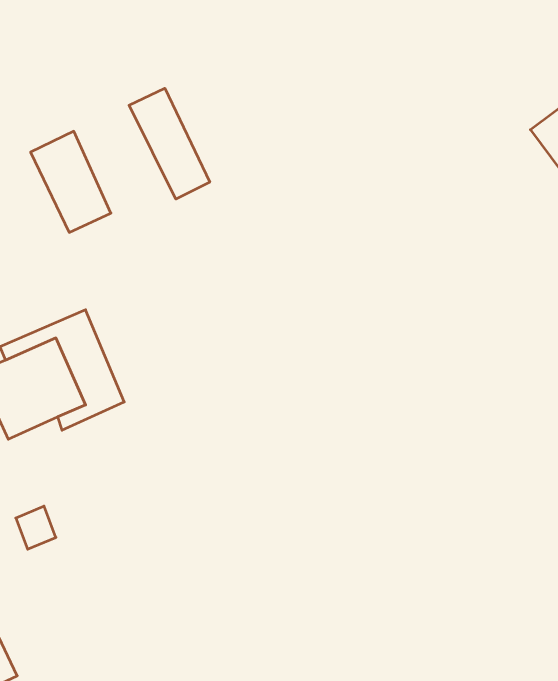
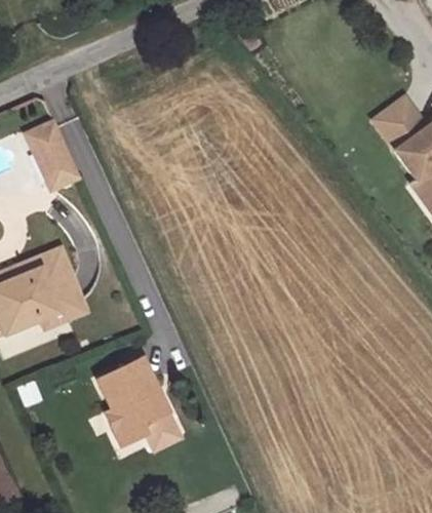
building: [129,88,210,199] -> none
building: none -> [101,364,175,452]

